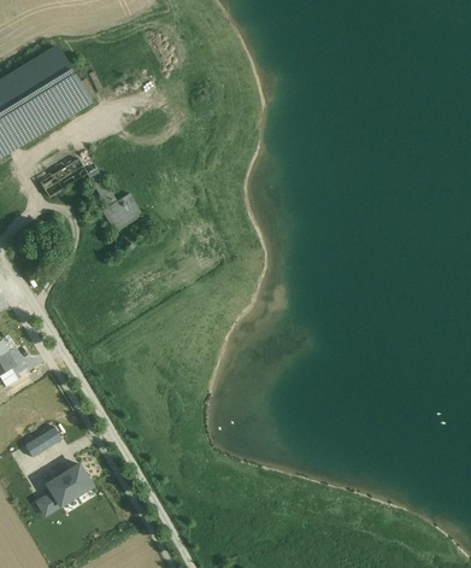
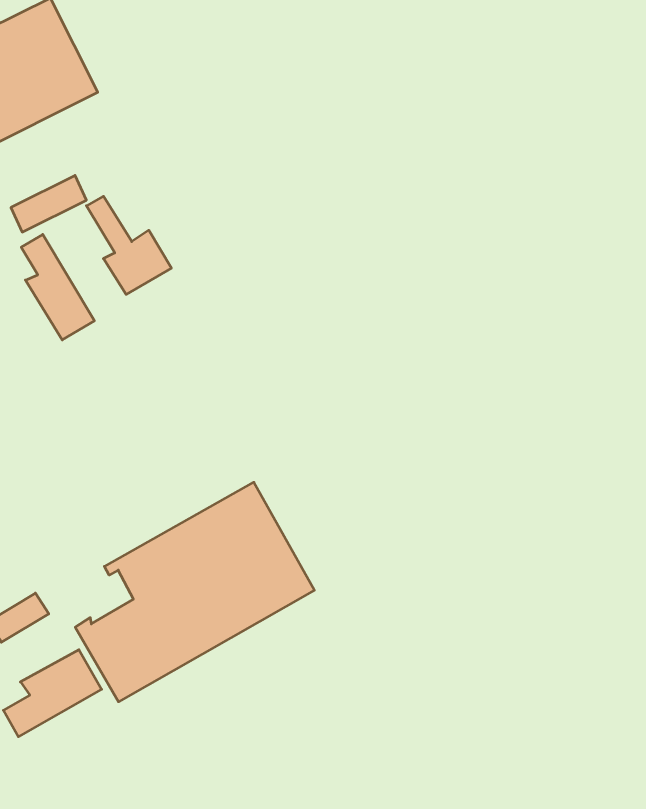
building: none -> [21,234,94,340]
building: none -> [75,482,314,702]

